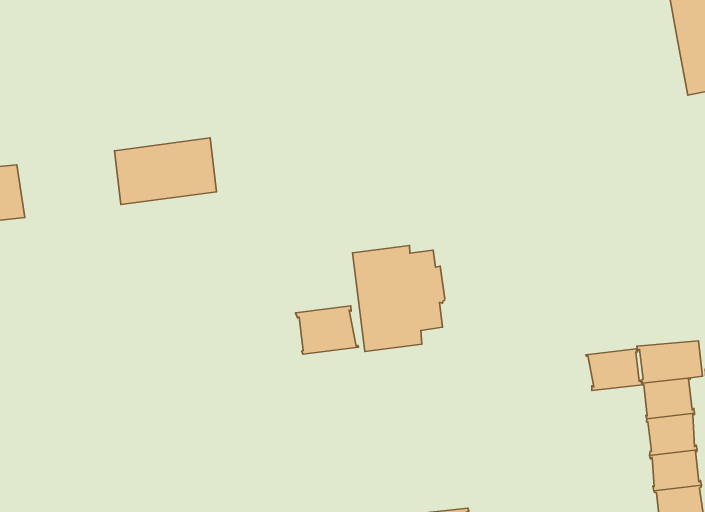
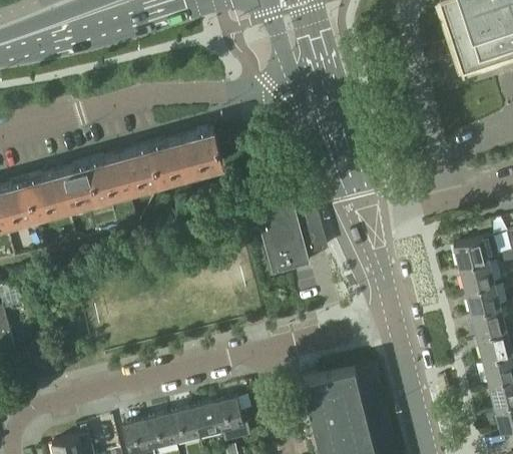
building: none -> [151,131,222,183]
building: none -> [26,165,98,217]
building: [296,306,358,354] -> none
building: [586,349,642,391] -> none

